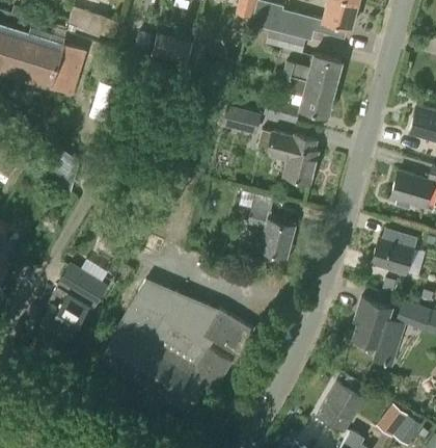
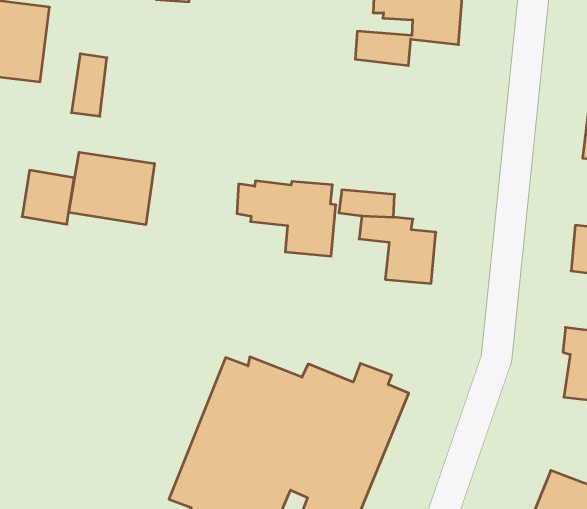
building: [222,105,262,134] -> none
building: [258,130,319,183] -> [237,181,336,256]
building: none -> [69,152,154,225]
building: [42,264,108,339] -> none

